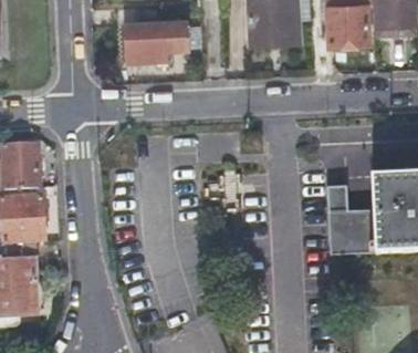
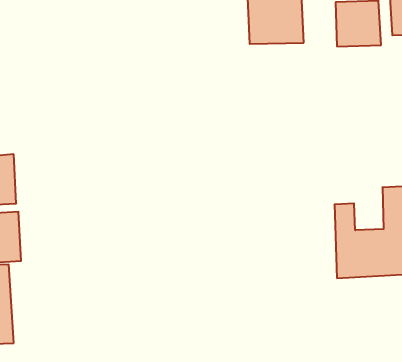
building: [124,20,188,62] -> none

